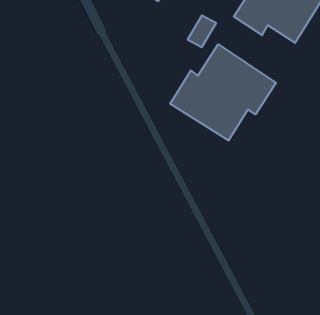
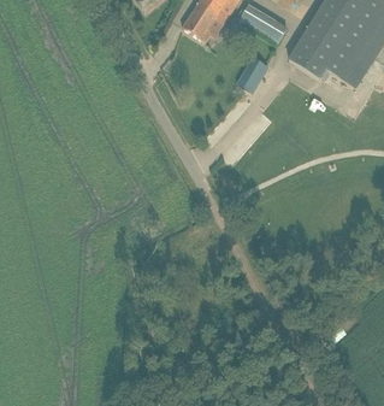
building: [170,44,276,141] -> none

